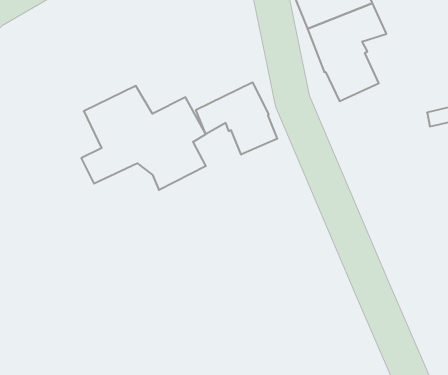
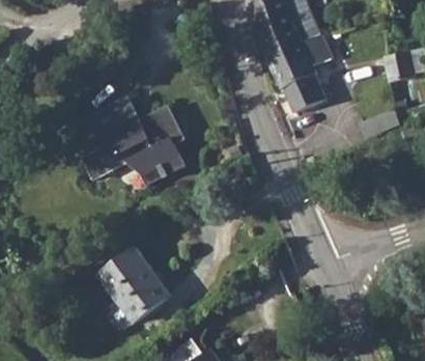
building: [196,82,277,155] -> none
building: none -> [98,249,169,323]

